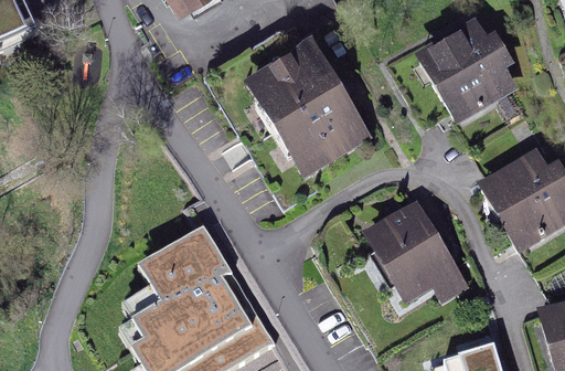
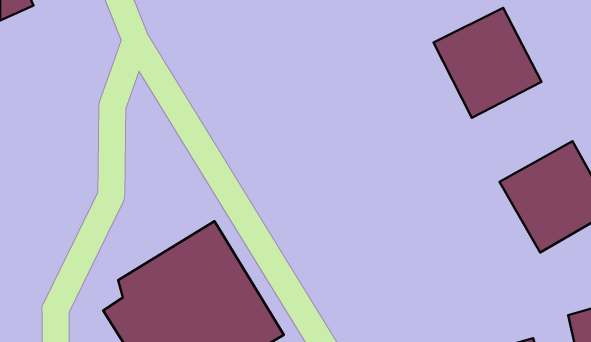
building: [233,44,366,184] -> none
building: [367,208,473,306] -> none

